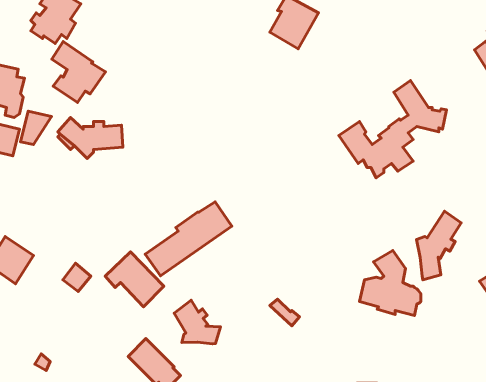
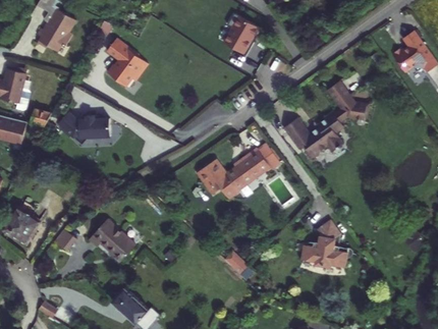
building: [52,41,105,103] -> [104,38,147,87]
building: [145,202,232,276] -> [207,136,276,196]
building: [416,211,461,280] -> none
building: [174,300,220,344] -> none

